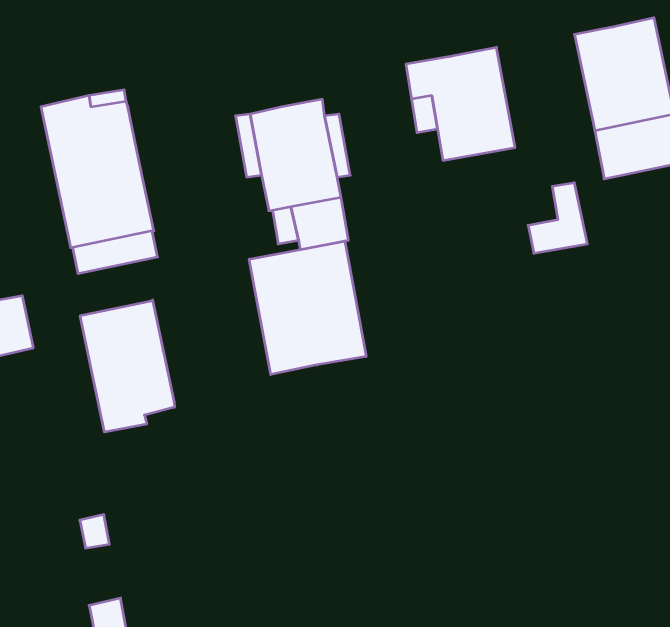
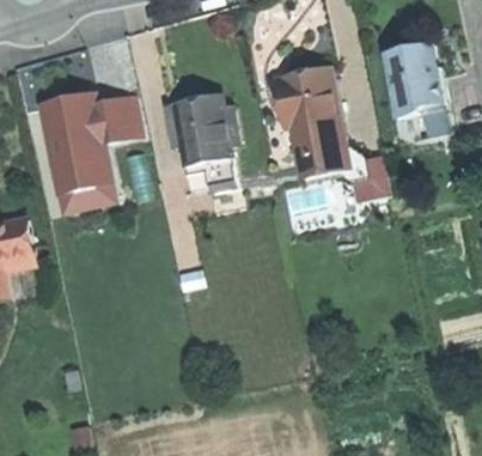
building: none -> [93,95,135,142]
building: none -> [297,128,350,175]
building: [249,241,366,375] -> none
building: [80,300,174,432] -> none

